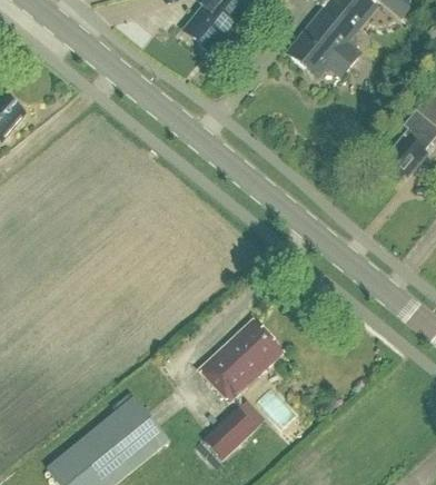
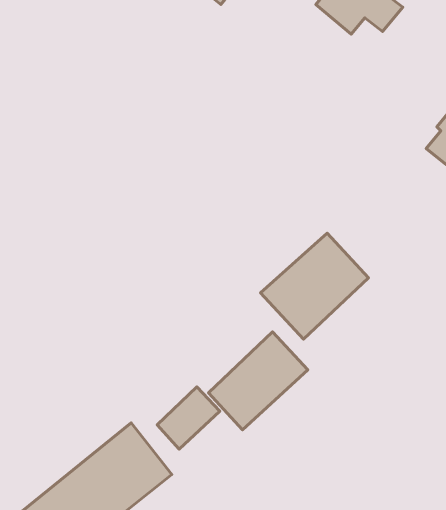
building: none -> [260,233,369,339]
building: [204,406,255,457] -> [157,387,220,449]

